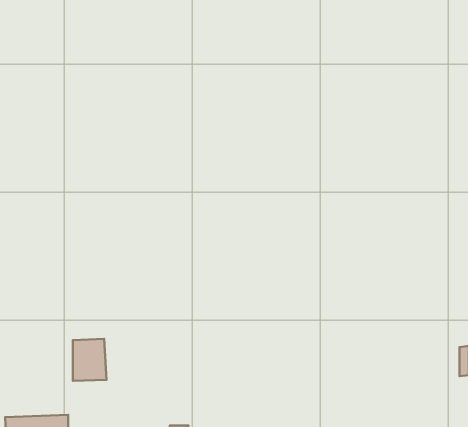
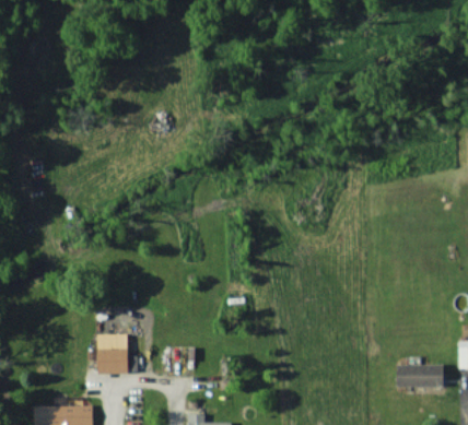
building: none -> [396,363,443,387]

